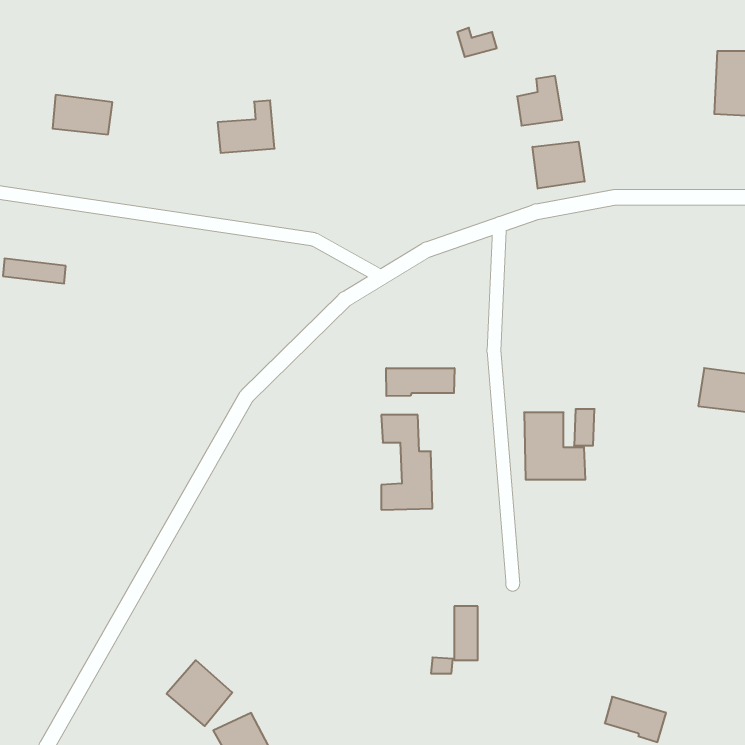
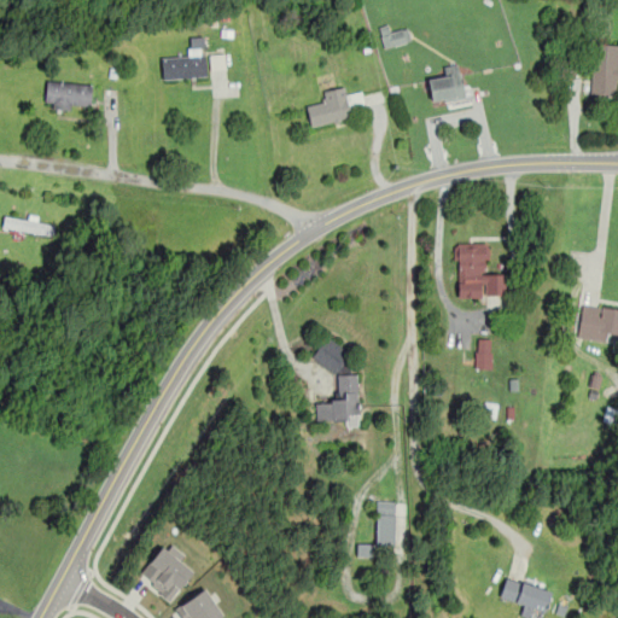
building: [218,100,275,153] -> [161,37,208,81]
building: none -> [307,86,354,127]
building: [533,142,585,189] -> none
building: [386,368,454,396] -> none
building: [524,412,585,480] -> [456,244,507,299]

